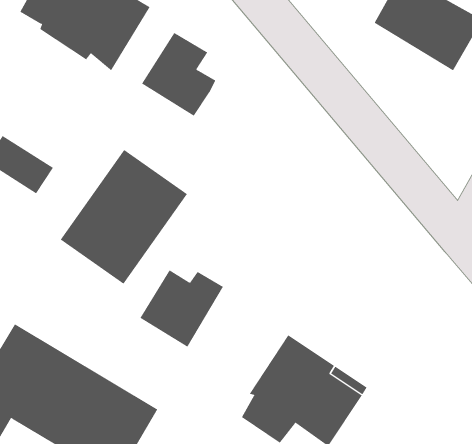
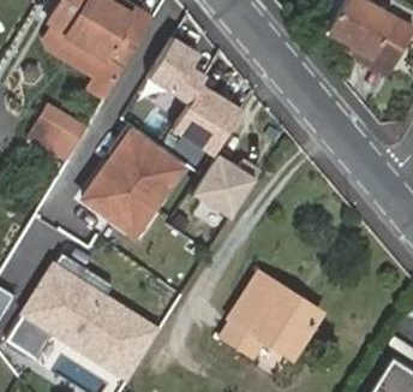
building: none -> [44,23,124,100]
building: none -> [172,85,240,154]
building: [139,270,224,348] -> [194,156,259,216]

